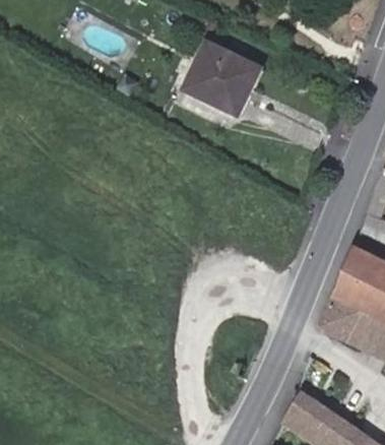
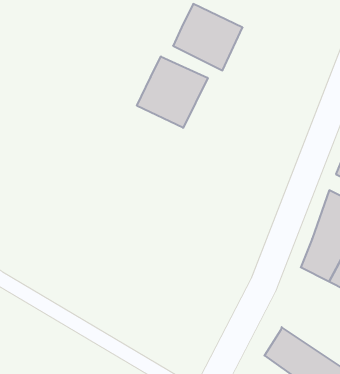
building: none -> [137,56,208,128]

